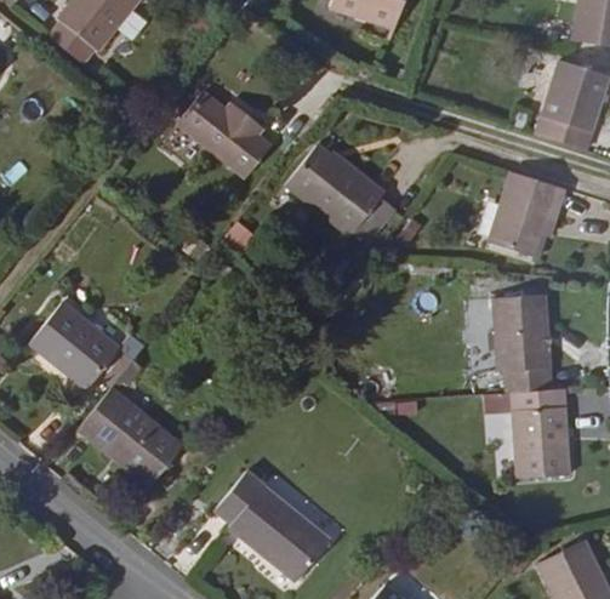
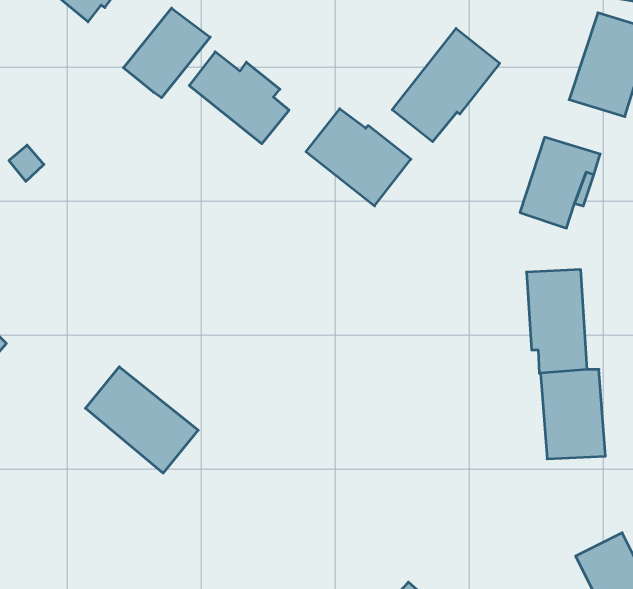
building: none -> [123,8,210,98]
building: none -> [392,28,500,142]
building: [30,301,120,386] -> none
building: [215,466,329,578] -> none

